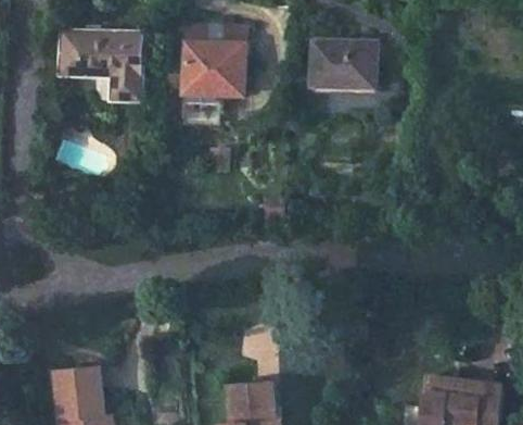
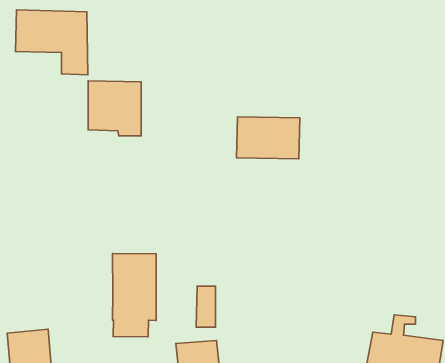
building: [186,40,242,99] -> [88,81,141,136]
building: [307,41,374,86] -> [236,117,300,159]
building: none -> [113,254,156,337]

